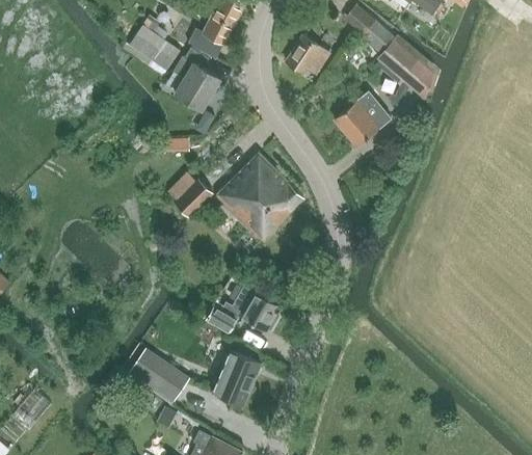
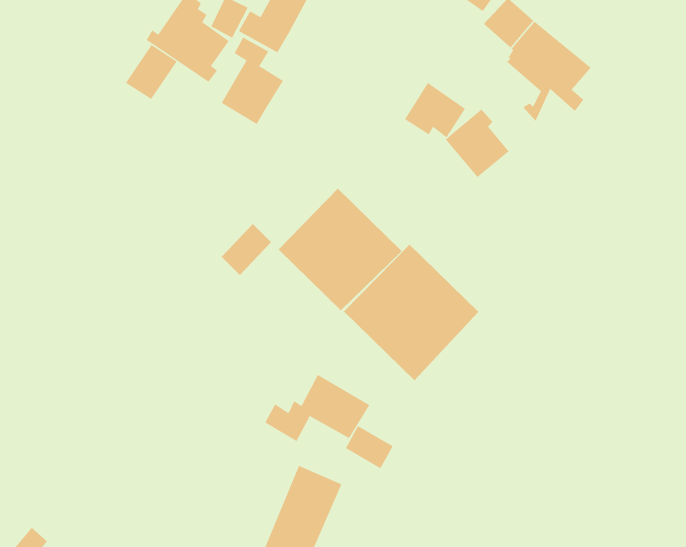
building: [286,35,329,75] -> [404,82,466,138]
building: none -> [125,44,177,100]
building: none -> [343,244,479,381]
building: none -> [345,425,394,469]
building: [142,356,188,400] -> none

